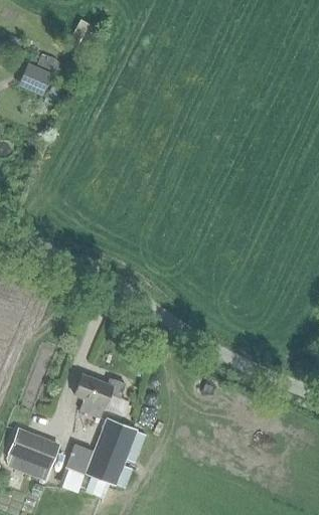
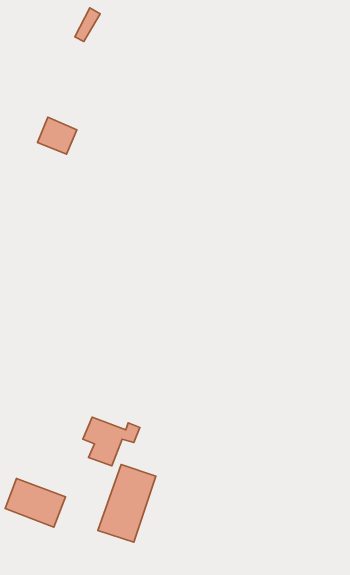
building: [17,62,51,95] -> [37,117,77,154]
building: [66,443,96,473] -> none

